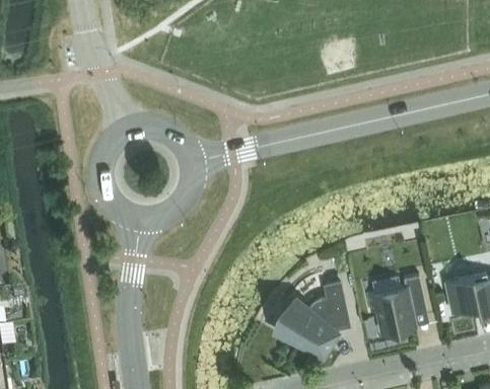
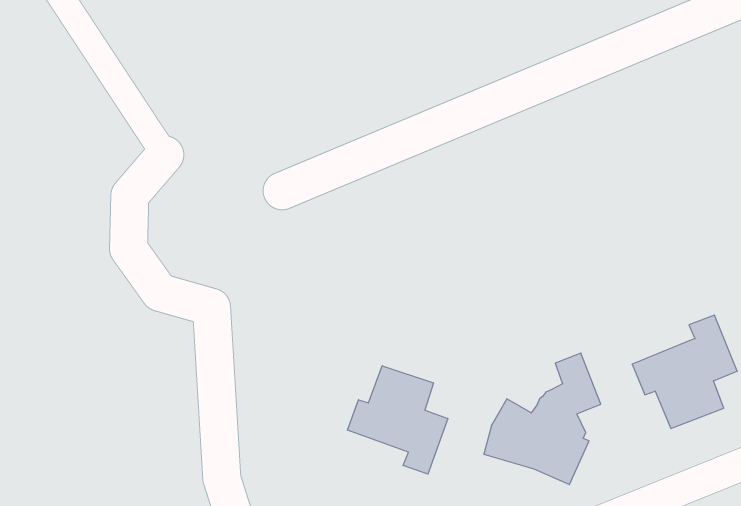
building: none -> [347,366,448,474]

